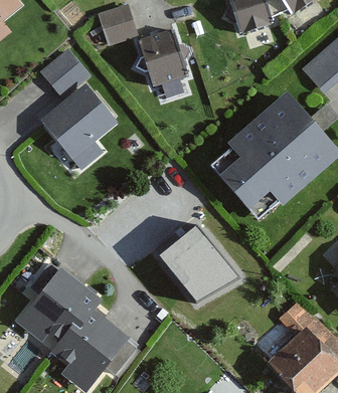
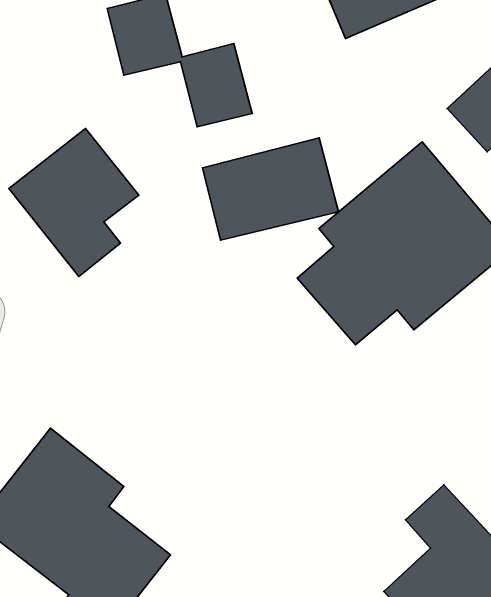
building: [41,48,92,97] -> none
building: none -> [203,138,338,240]
building: [162,217,242,292] -> none

